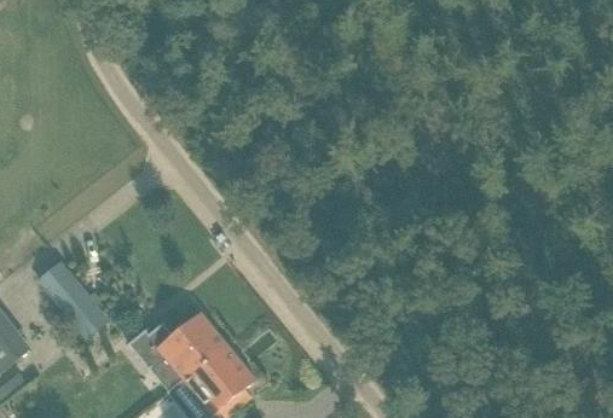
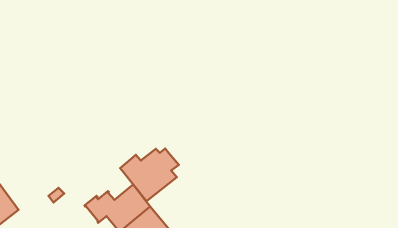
building: none -> [120,149,179,201]
building: [50,273,97,323] -> none

